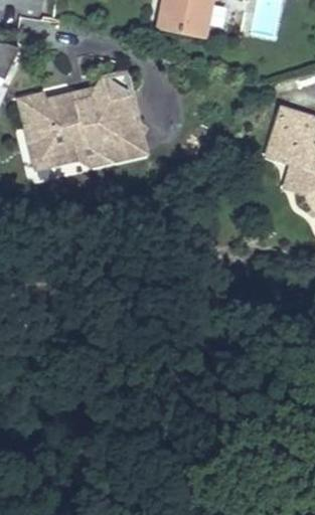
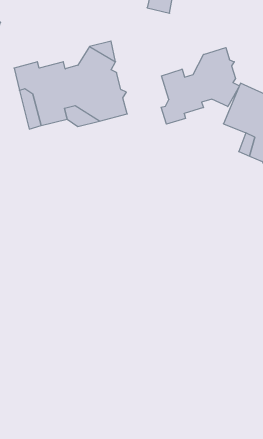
building: none -> [161,48,239,124]

